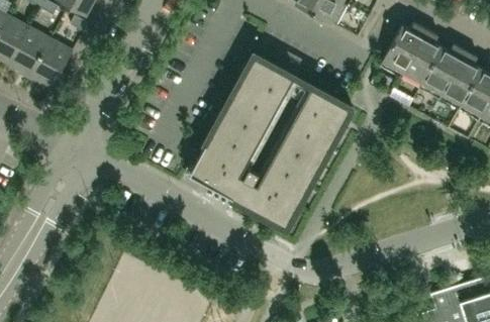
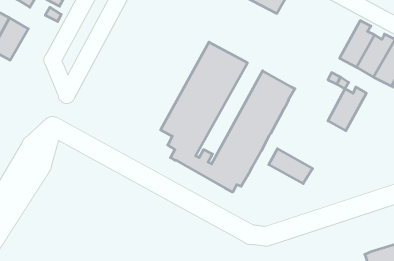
building: [382,23,425,73] -> [328,87,366,131]
building: [30,39,73,88] -> none
building: none -> [269,149,313,184]

